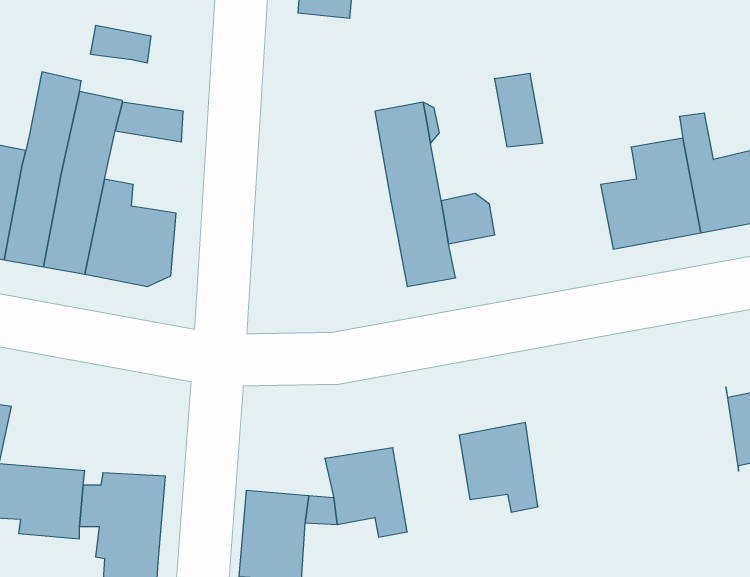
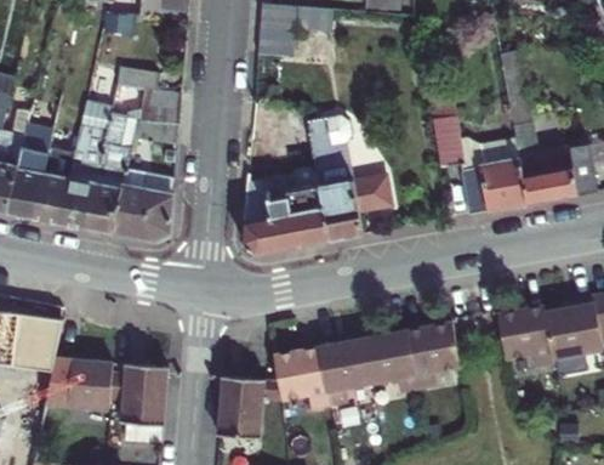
building: none -> [138,85,182,120]
building: [494,73,543,147] -> [432,119,465,169]
building: none -> [243,175,331,254]
building: none -> [501,307,555,368]
building: none -> [411,323,463,389]
building: none -> [321,340,374,406]

